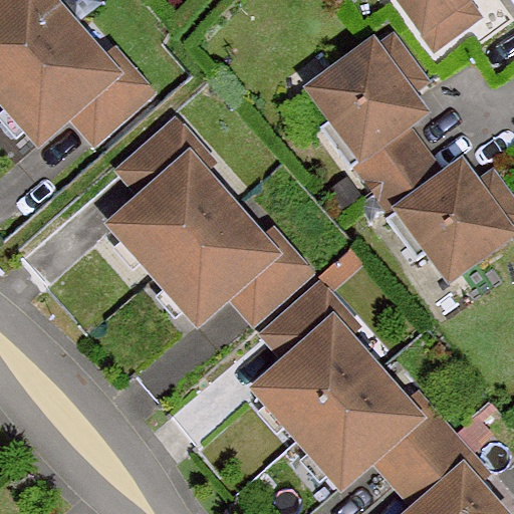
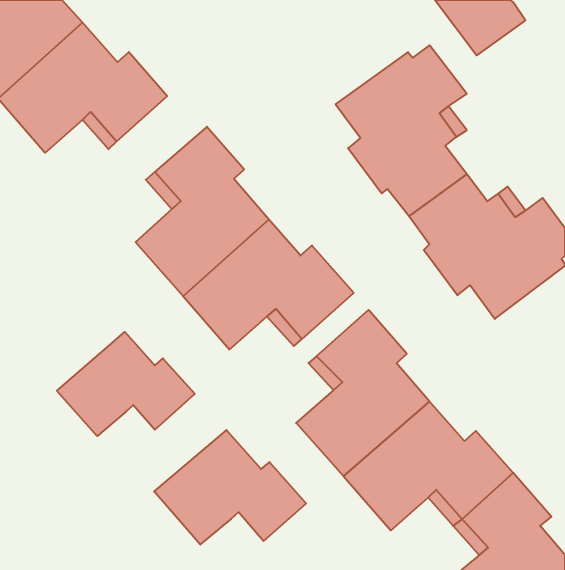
building: none -> [57,332,195,436]
building: none -> [154,430,306,545]

